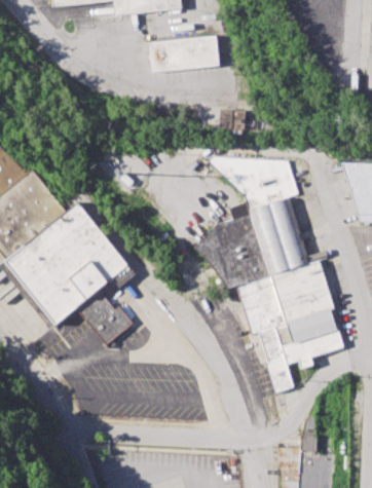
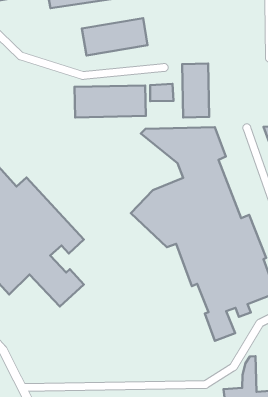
building: none -> [182,64,209,117]
building: none -> [74,85,146,117]

